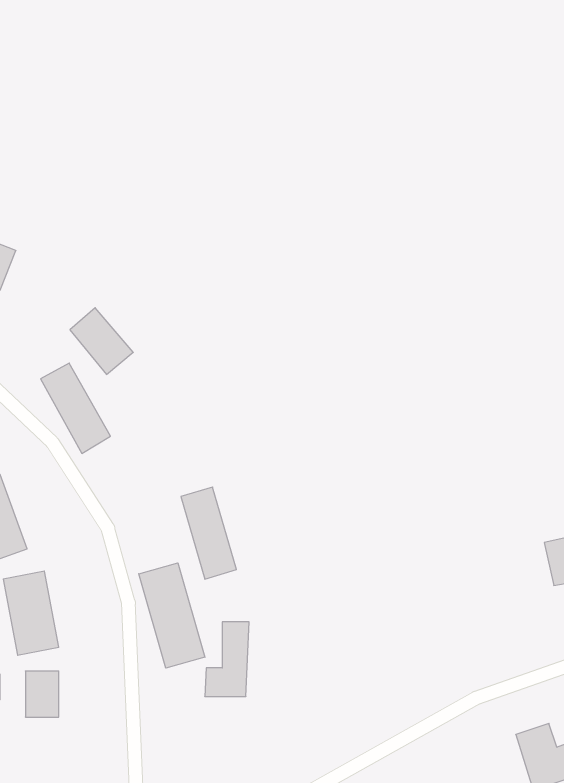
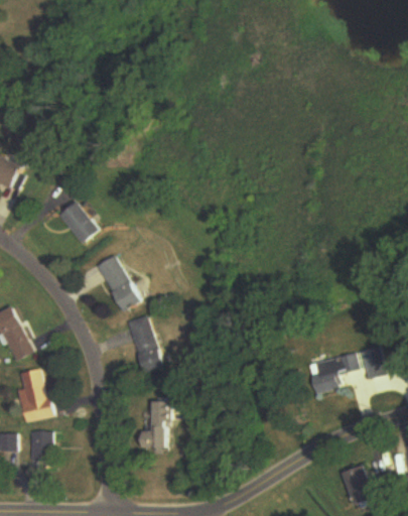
building: [41,363,110,453] -> [97,254,141,311]
building: none -> [305,353,356,392]
building: [139,563,205,668] -> none

